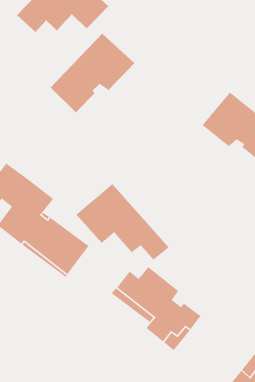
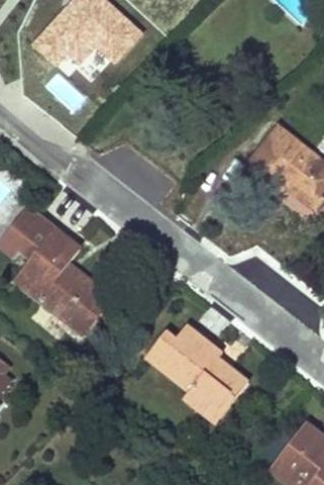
building: [50,33,135,113] -> none
building: [76,183,170,261] -> none

